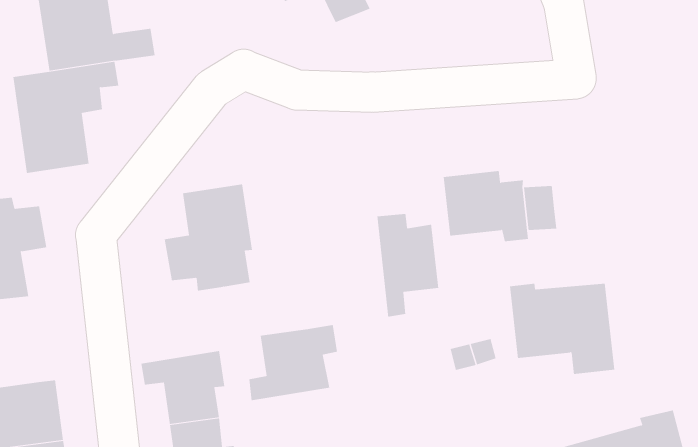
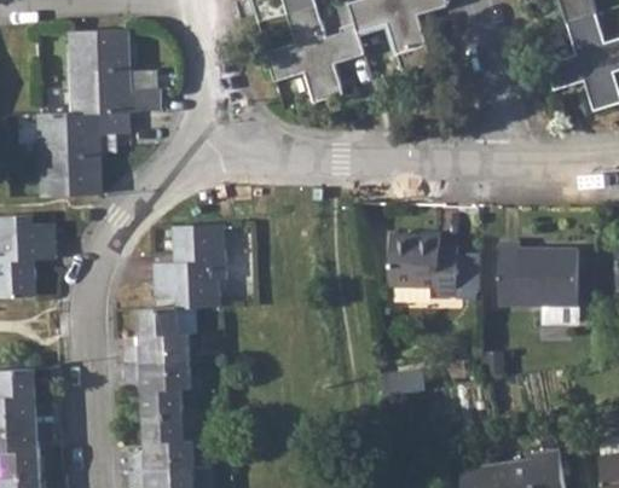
building: [377,213,439,318] -> none
building: [509,283,615,374] -> [497,243,577,321]
building: [249,325,338,401] -> [123,308,199,364]

